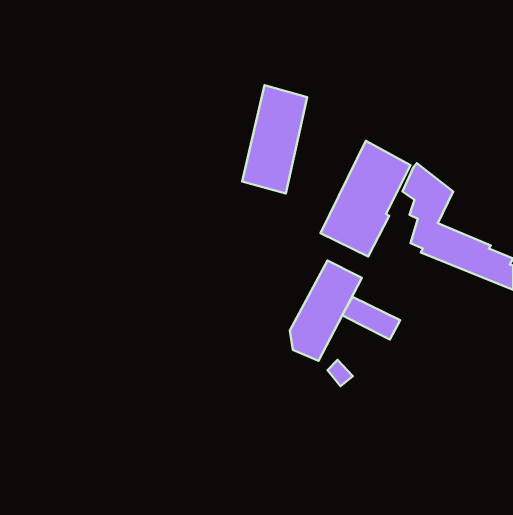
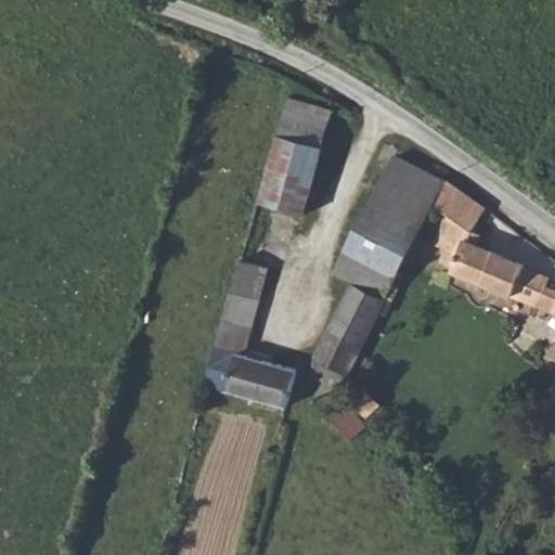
building: none -> [206,261,299,406]
building: [342,297,400,340] -> [332,253,393,298]

